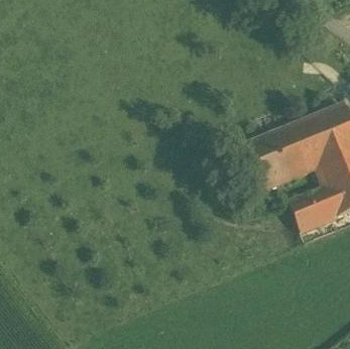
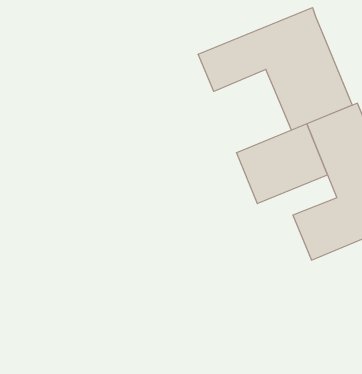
building: none -> [198,8,352,130]

